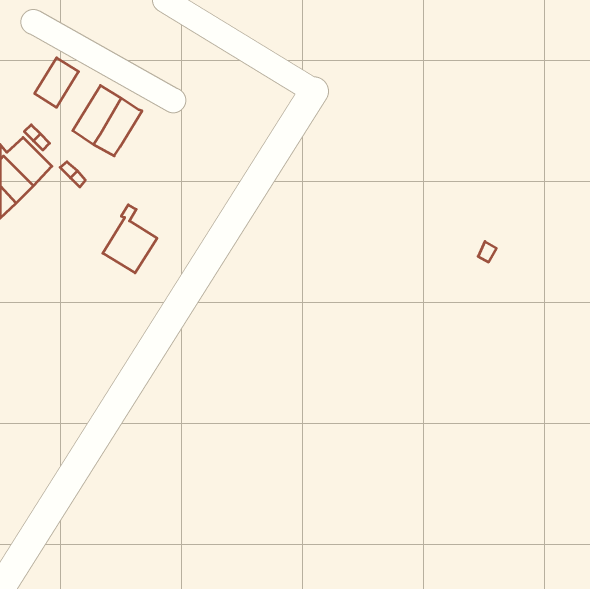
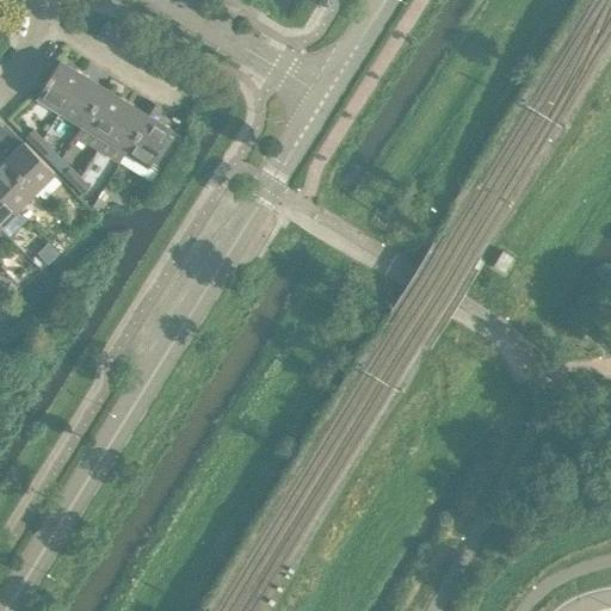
building: none -> [58,75,104,126]
building: [103,205,157,273] -> [124,103,180,173]

